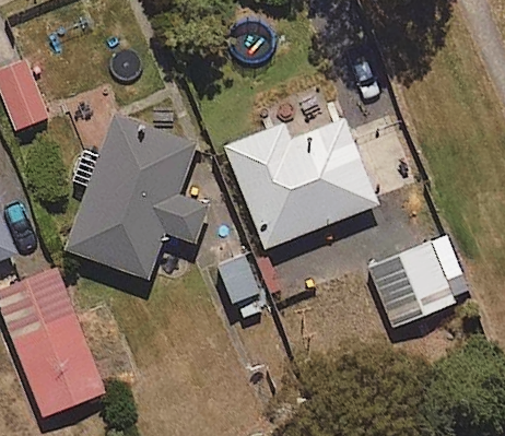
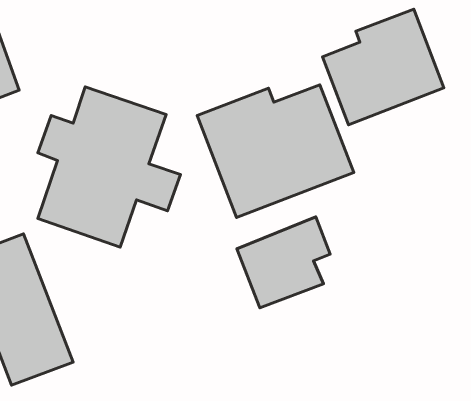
building: none -> [323,9,444,125]
building: [367,236,460,327] -> [237,217,330,308]

